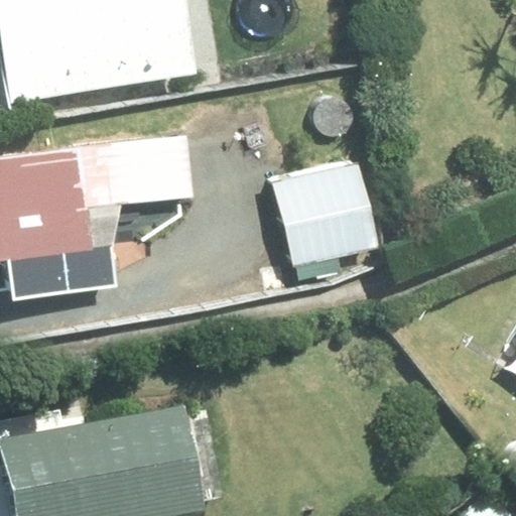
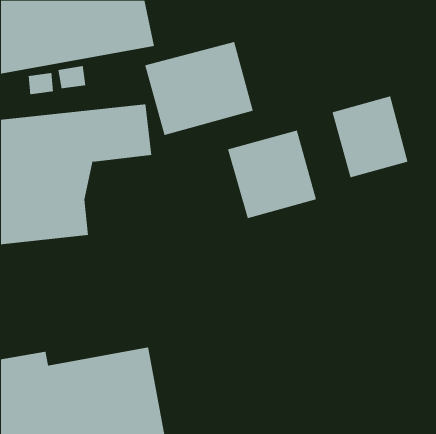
building: none -> [144,41,254,136]
building: none -> [332,95,408,178]

